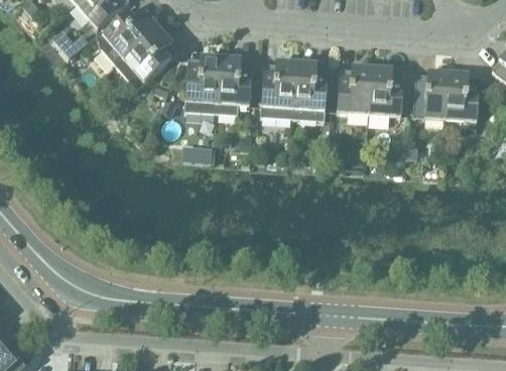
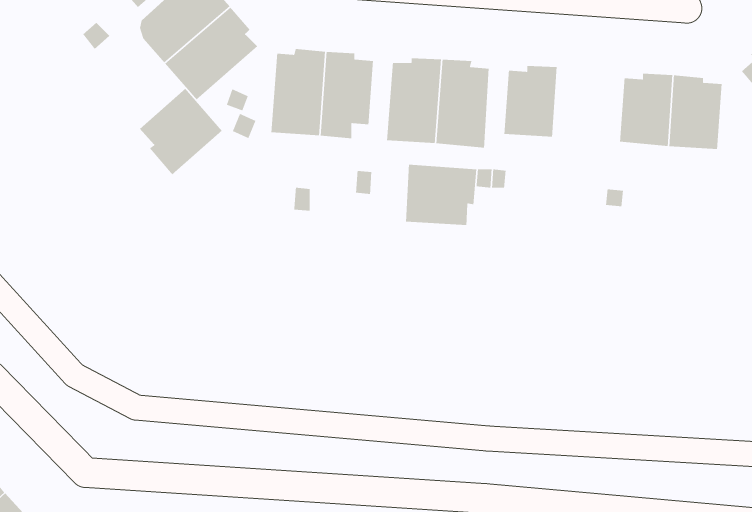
building: [369,67,403,116] -> none
building: none -> [139,88,223,175]
building: none -> [405,164,477,226]

